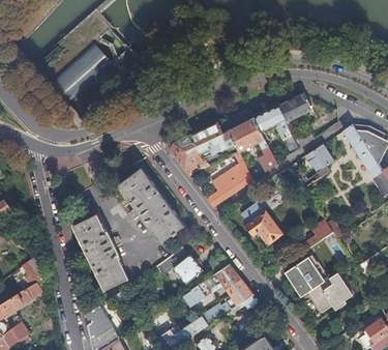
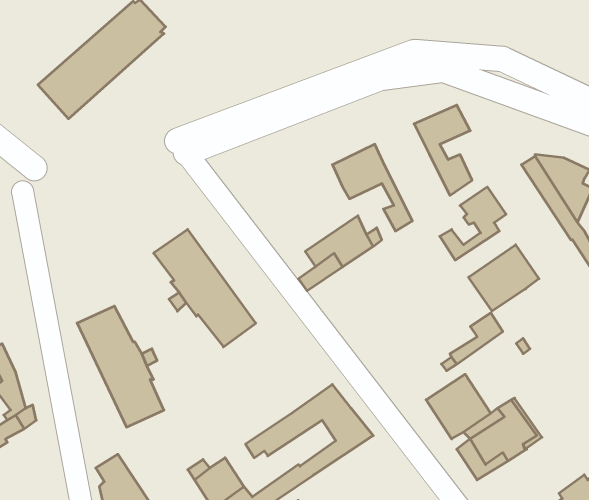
building: [253,106,287,132] -> none
building: [171,123,234,175] -> none
building: none -> [469,245,539,311]
building: [246,205,280,244] -> none
building: [159,247,202,283] -> none

